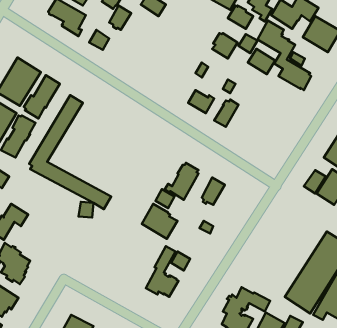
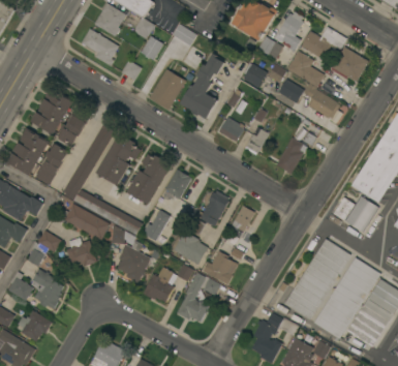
building: none -> [181,54,224,119]
building: none -> [149,68,186,110]
building: none -> [96,133,141,185]
building: none -> [276,138,307,174]
building: none -> [127,154,172,205]
building: none -> [161,169,191,200]
building: none -> [62,204,110,240]
building: none -> [142,210,170,241]
building: none -> [66,237,96,267]
building: none -> [283,238,349,319]
building: none -> [116,245,150,282]
building: none -> [203,250,238,284]
building: none -> [142,264,195,303]

